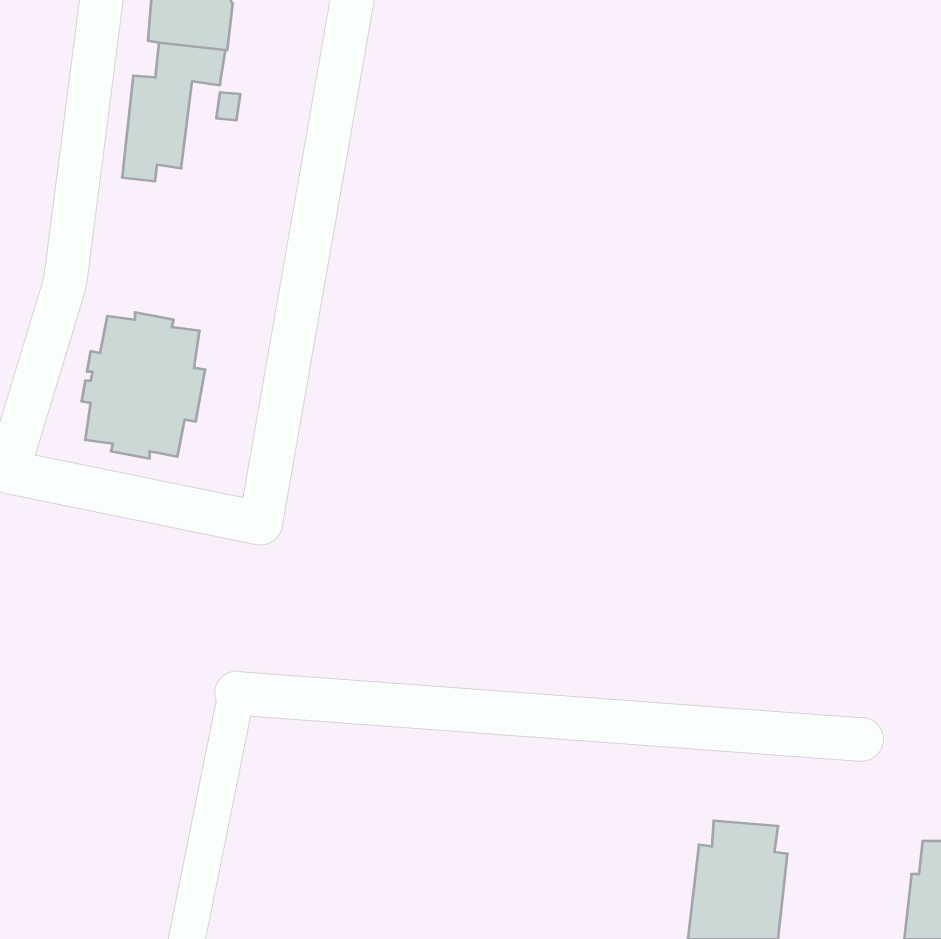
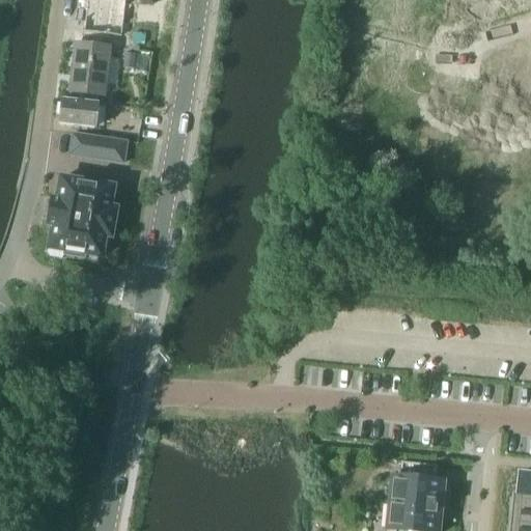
building: none -> [60,99,99,127]
building: none -> [69,132,128,162]

